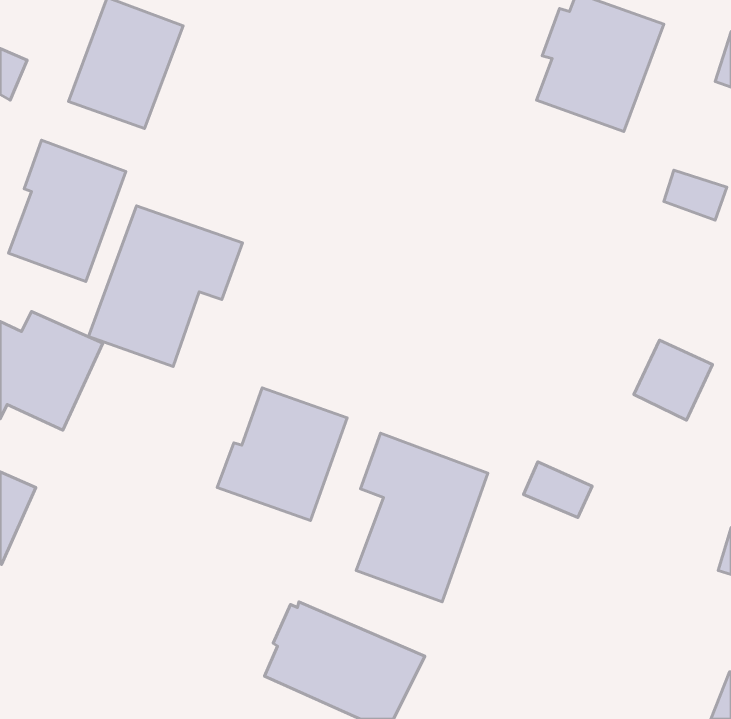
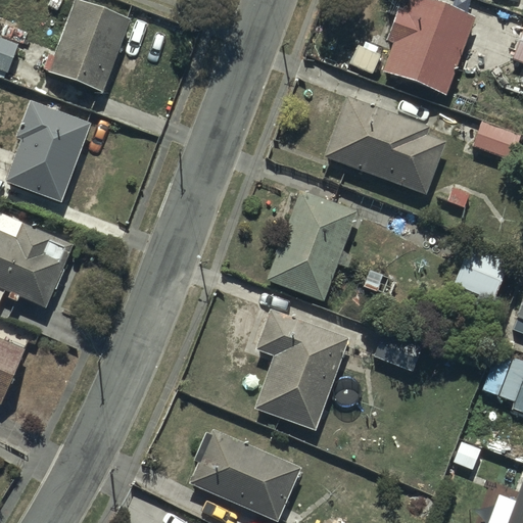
building: none -> [324,94,445,195]
building: [89,206,243,366] -> none
building: none -> [267,188,358,300]
building: [217,388,347,520] -> none

